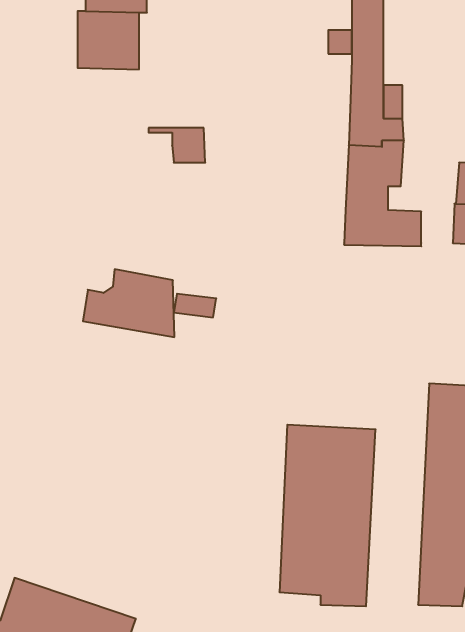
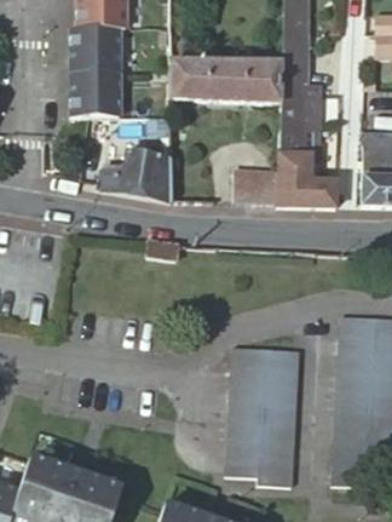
building: none -> [172,58,284,99]
building: none -> [74,68,121,114]
building: none -> [234,176,279,202]
building: [83,269,174,337] -> [103,148,173,200]

